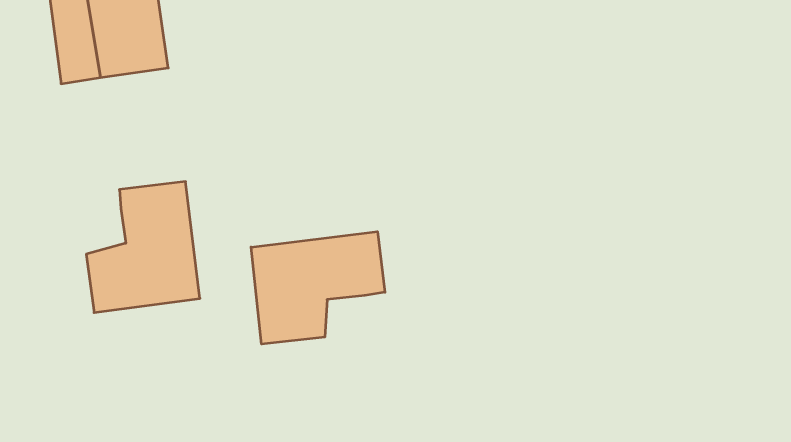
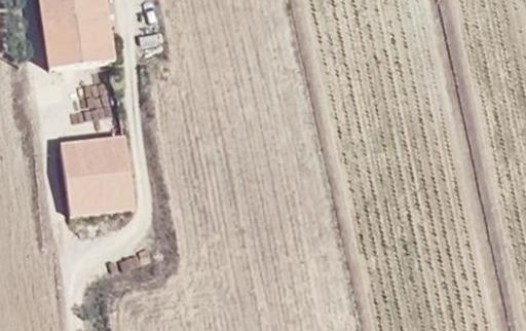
building: none -> [59,138,89,180]
building: [251,232,385,344] -> none

